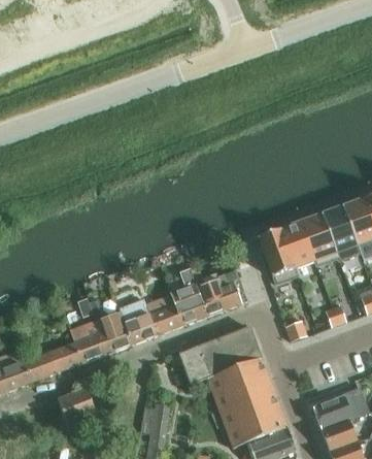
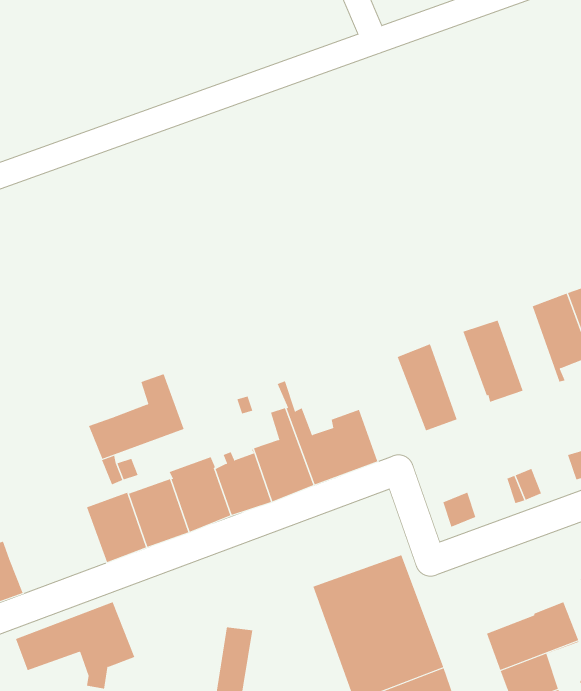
building: [319,205,357,259] -> none
building: [278,221,312,274] -> none
building: [178,326,261,383] -> none
building: [22,328,80,381] -> [88,374,184,460]

